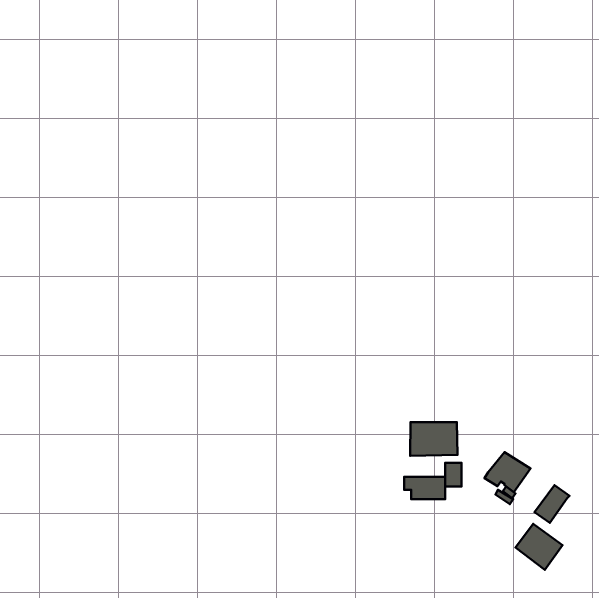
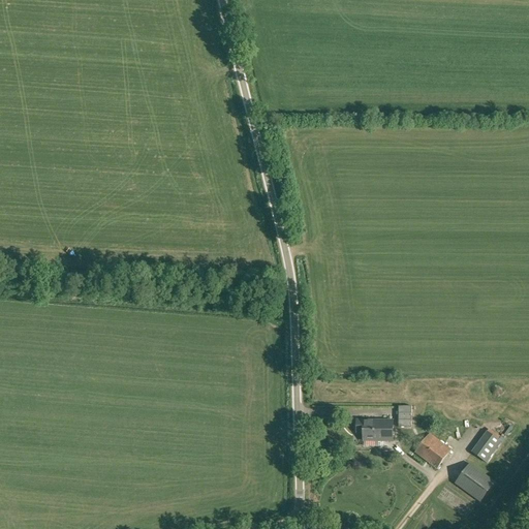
building: [410,422,458,456] -> none
building: [485,452,530,492] -> [410,433,450,468]

